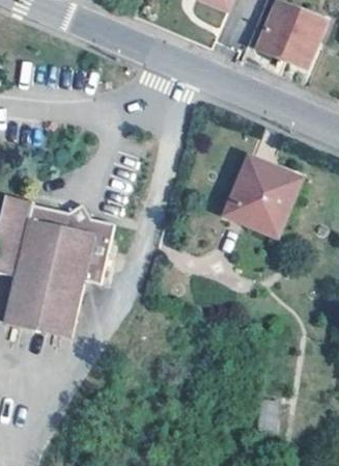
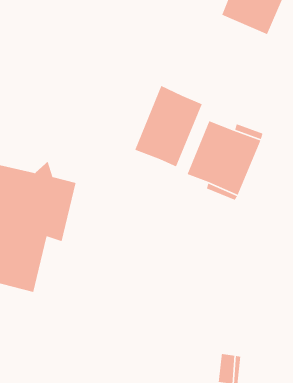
building: none -> [134,85,203,168]

